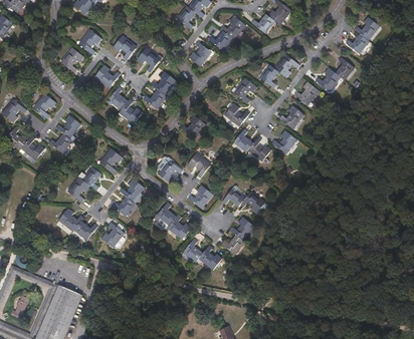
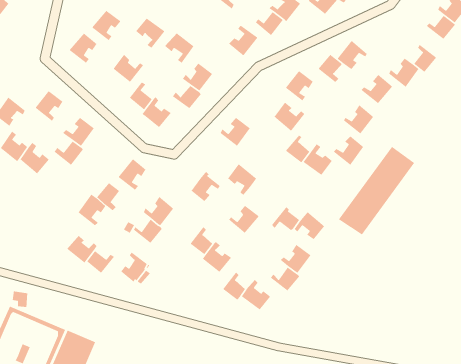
building: none -> [338,146,415,236]

